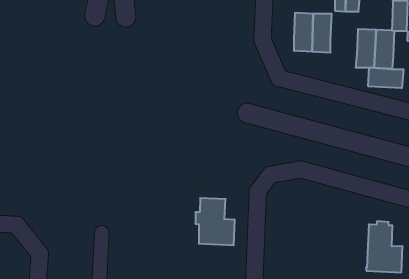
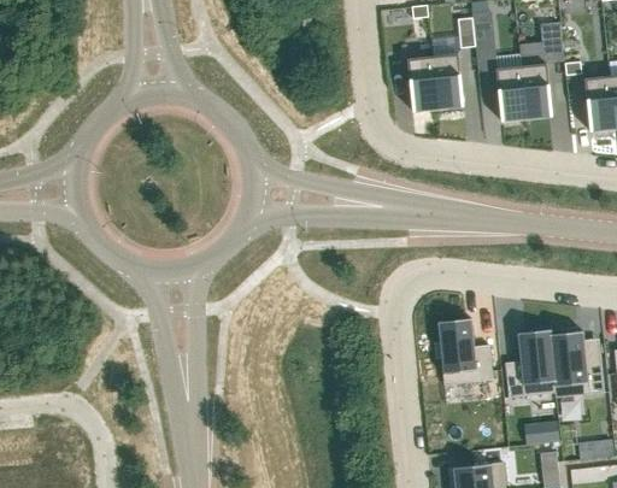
building: [368,68,404,88] -> none
building: [195,198,235,245] -> [433,318,492,384]
building: none -> [505,329,556,398]

